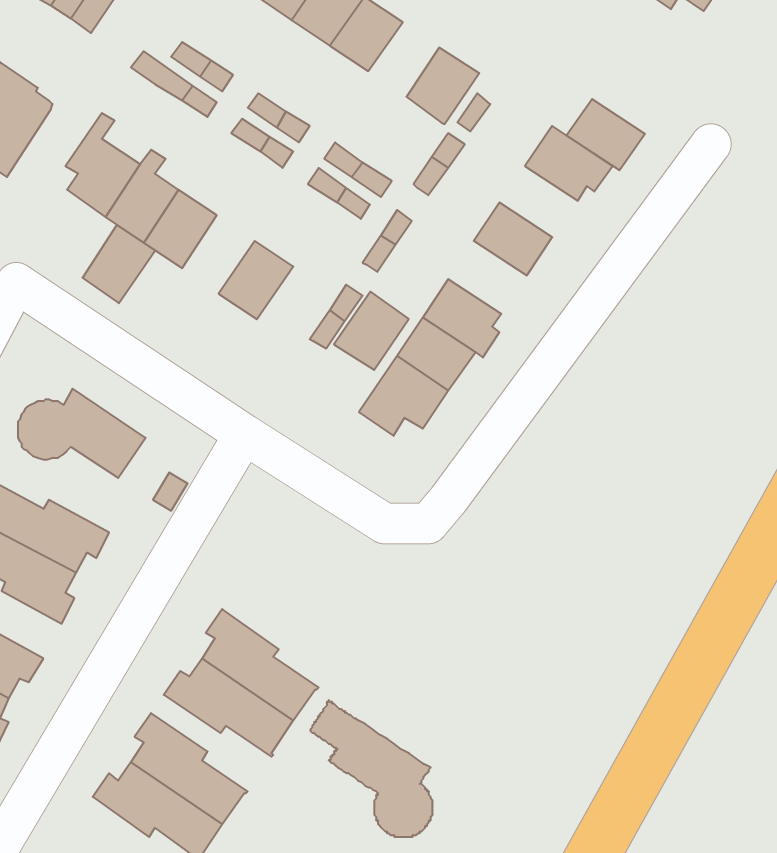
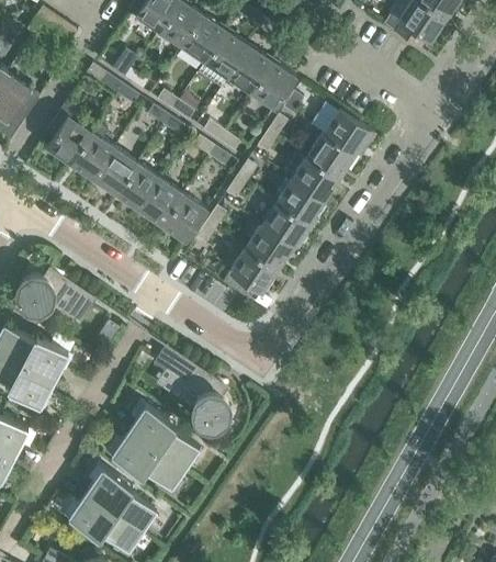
building: none -> [228,48,271,93]
building: [567,99,645,170] -> [307,135,354,178]
building: [82,225,155,303] -> [116,165,160,212]
building: none -> [277,180,324,224]
building: [334,292,409,370] -> [161,195,206,243]
building: [310,700,433,837] -> [155,346,228,428]

